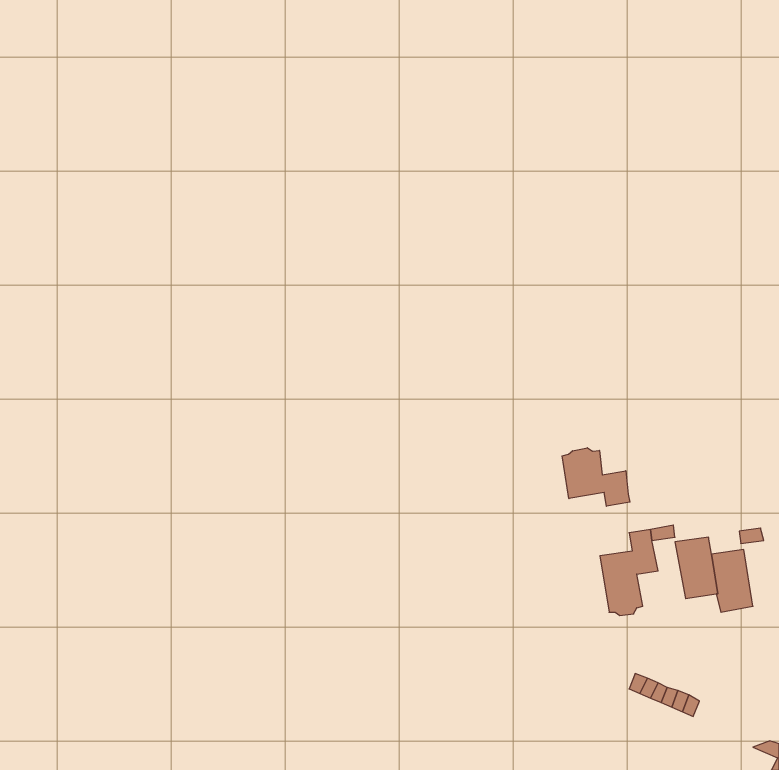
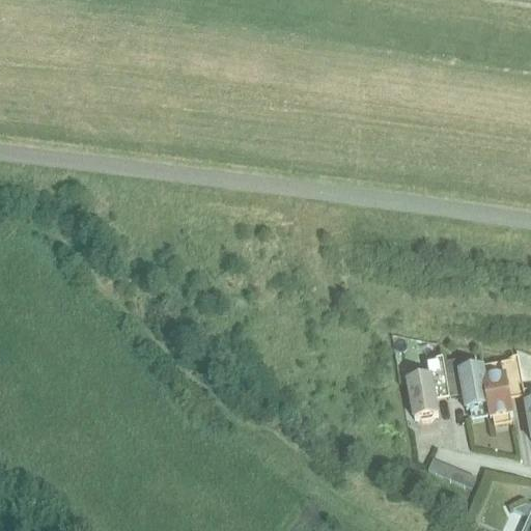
building: [562,448,630,506] -> none

